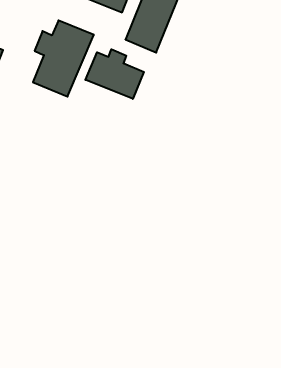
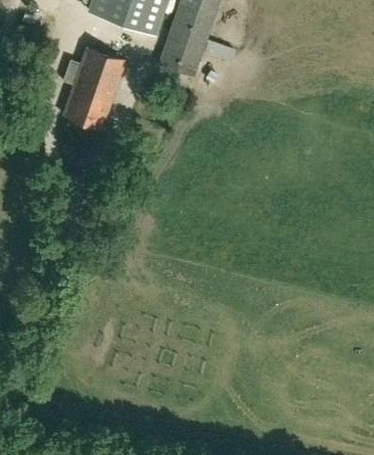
building: [85,49,144,99] -> none

